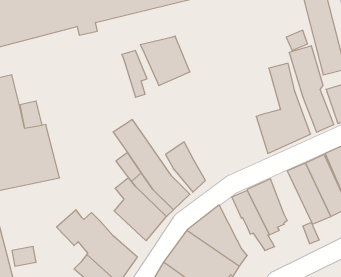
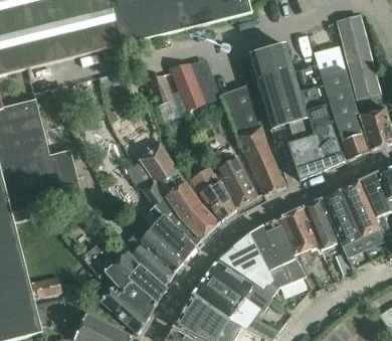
building: none -> [250,44,312,140]
building: none -> [220,84,284,194]
building: none -> [210,149,258,205]
building: none -> [304,199,336,247]
building: none -> [249,225,297,289]
building: none -> [132,241,174,283]

